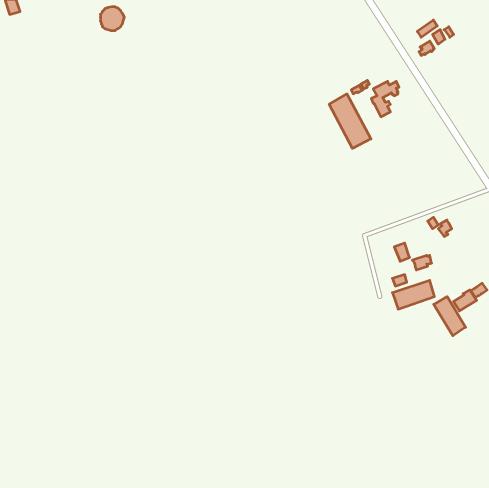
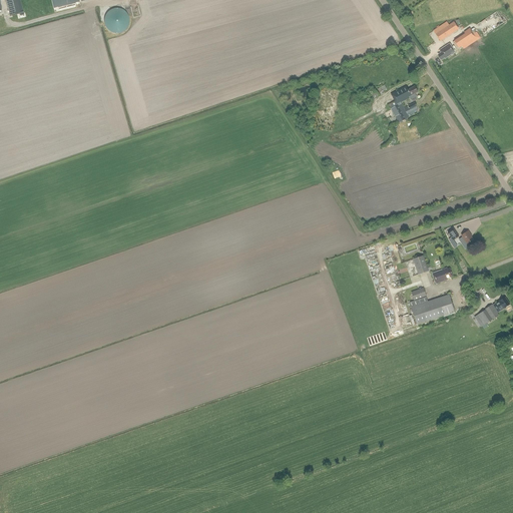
building: [329,94,371,148] -> none
building: [434,297,466,336] -> none

